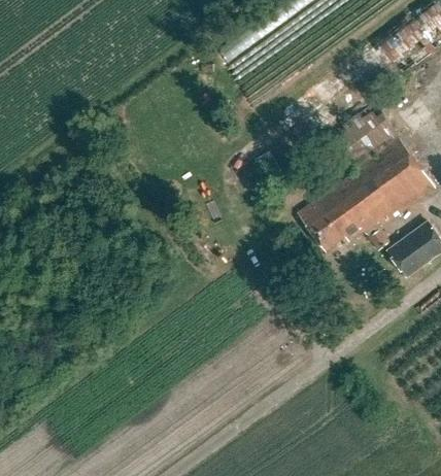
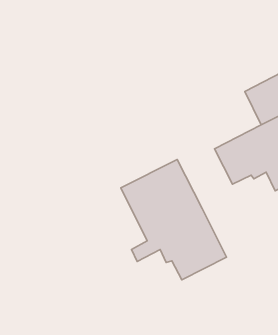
building: none -> [121,159,226,280]

